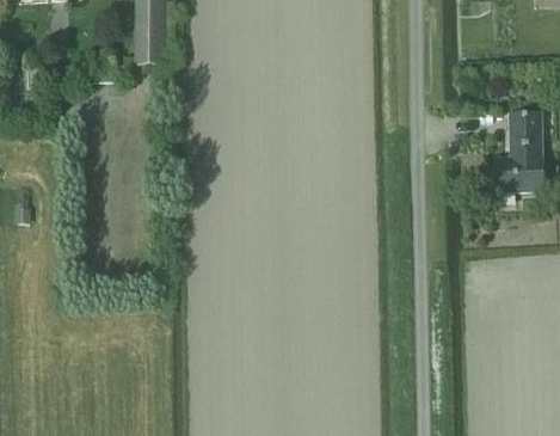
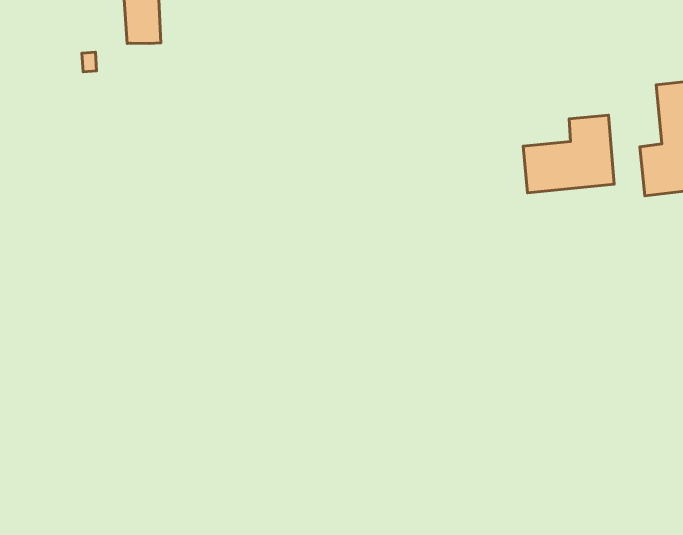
building: none -> [523,115,614,193]

